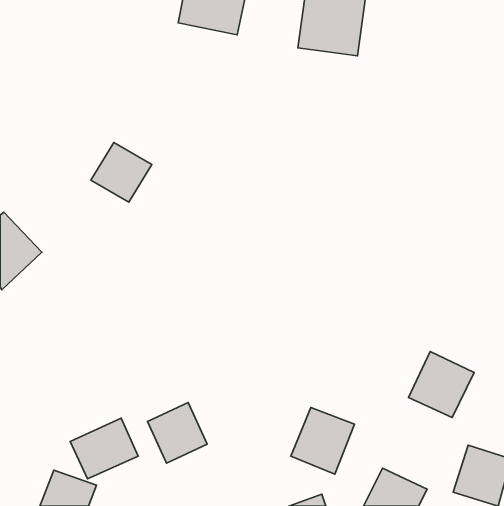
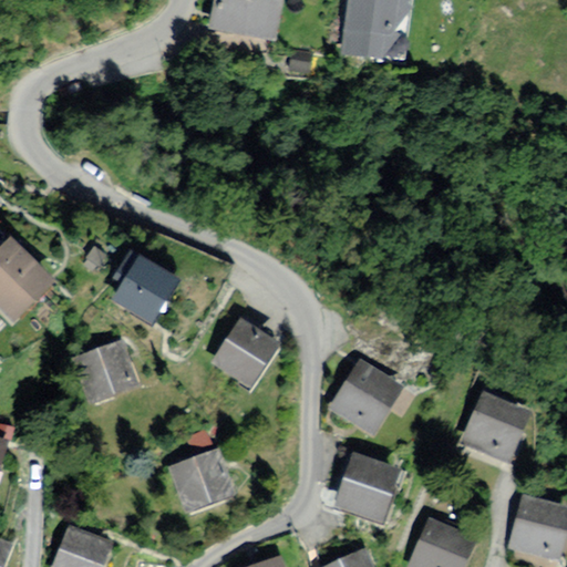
building: [91,142,152,202] -> [106,257,174,323]
building: none -> [210,317,279,386]
building: none -> [70,337,142,404]
building: none -> [328,357,409,436]
building: [70,418,138,479] -> none

